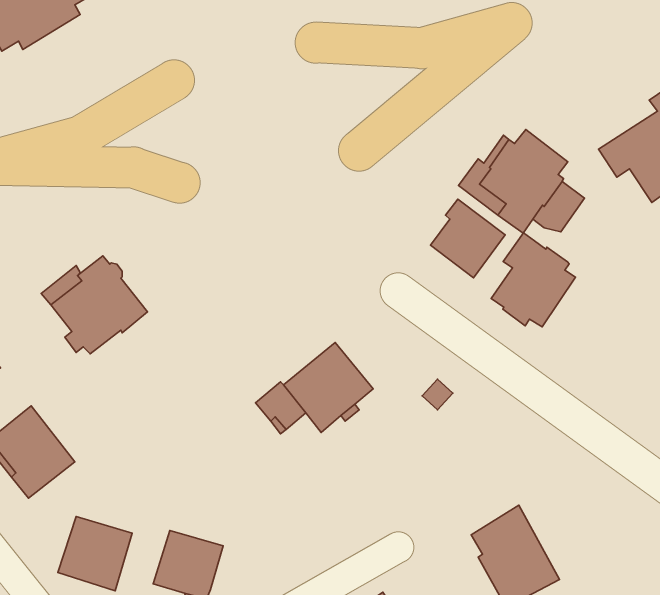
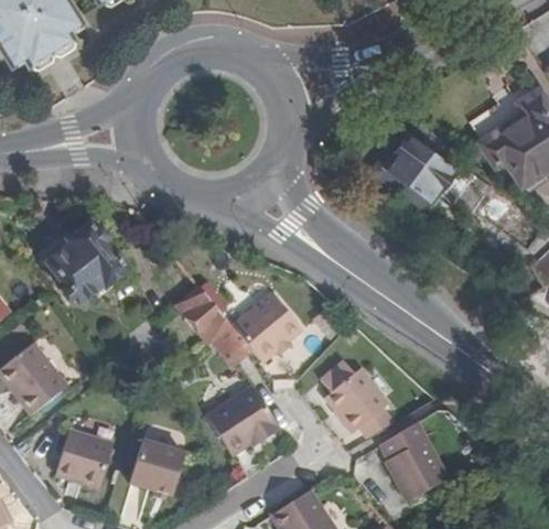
building: [430,199,505,278] -> none
building: [491,233,576,327] -> none
building: none -> [179,285,229,341]
building: none -> [321,360,394,438]
building: none -> [206,386,280,455]

